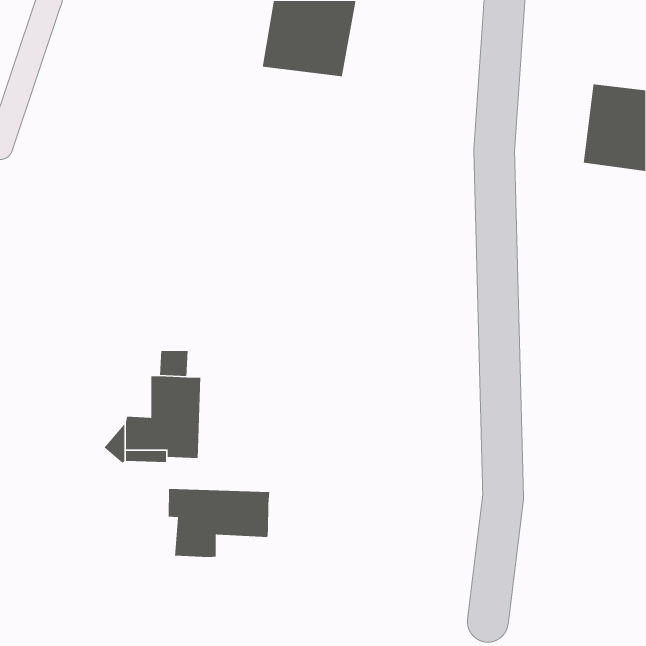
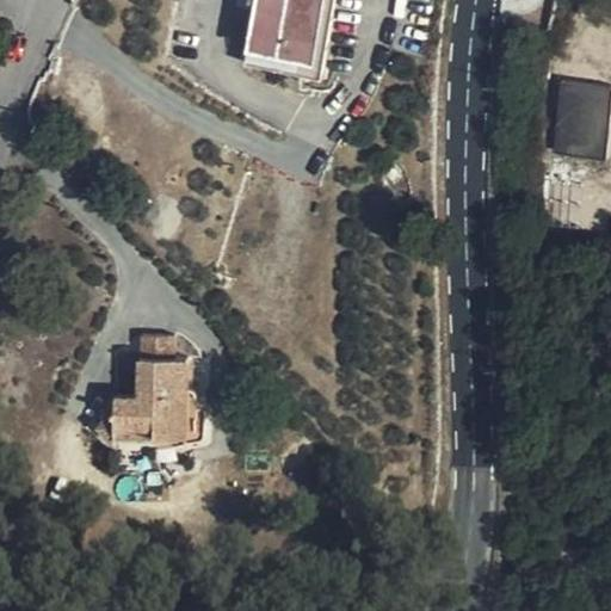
building: [168,488,270,558] -> none

